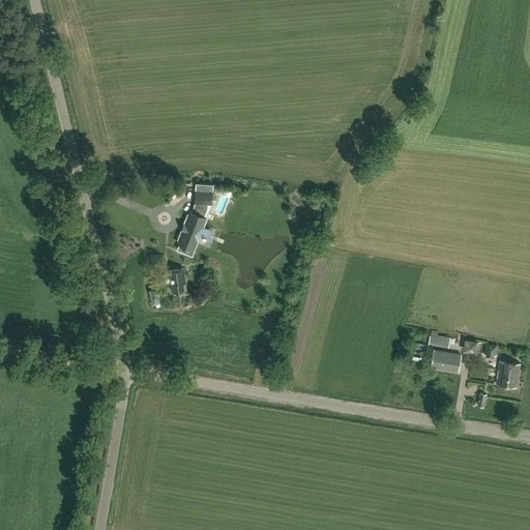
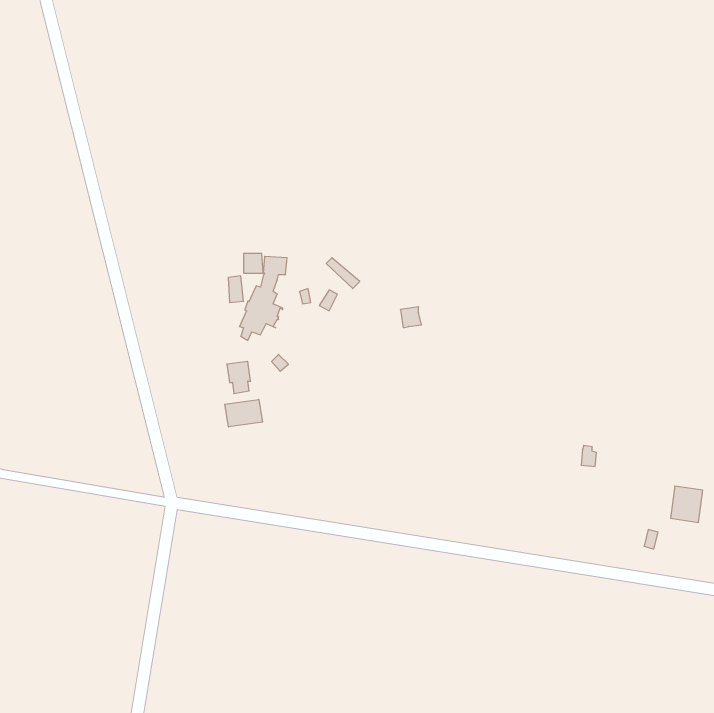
building: none -> [225,399,263,427]
building: [432,352,462,373] -> none

